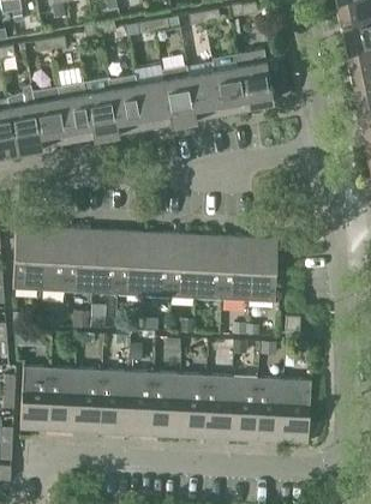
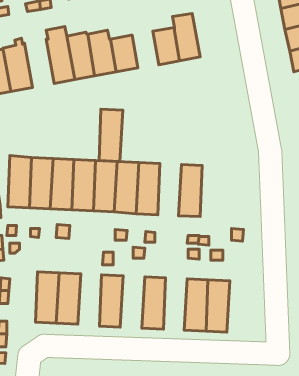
building: [239,49,275,107] -> none
building: [162,65,198,120] -> none
building: [35,85,71,144] -> none
building: [197,236,226,300] -> [99,109,123,162]
building: [249,239,281,311] -> none
building: [22,366,50,430] -> none
building: [100,371,128,434] -> none
building: [151,373,181,437] -> none
building: [204,376,233,439] -> none
building: [281,379,312,443] -> none

